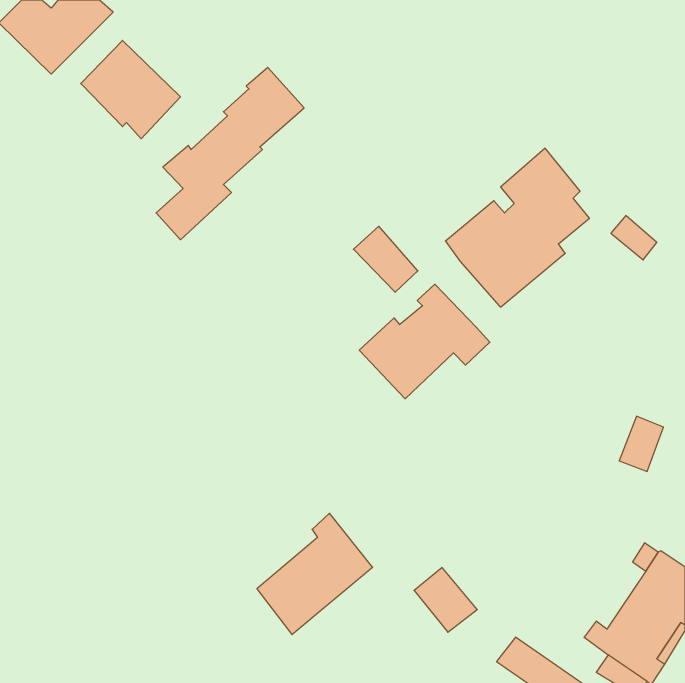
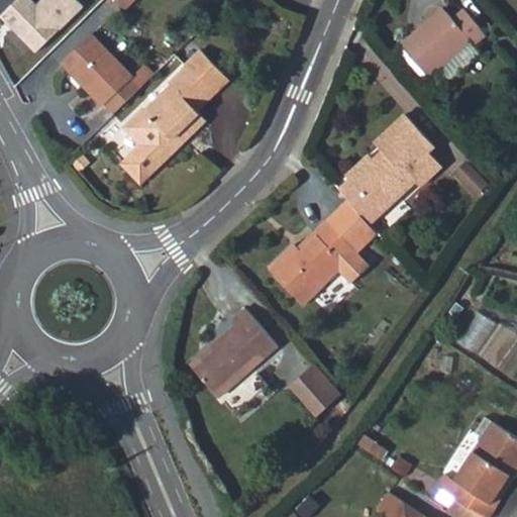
building: none -> [402,8,485,75]
building: [353,226,418,292] -> [326,200,375,249]
building: [257,513,373,635] -> [192,301,279,392]
building: [414,568,477,632] -> [288,368,335,416]

